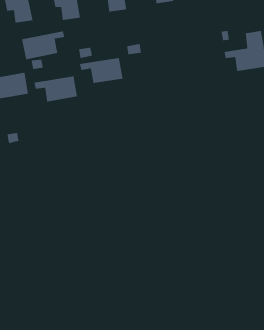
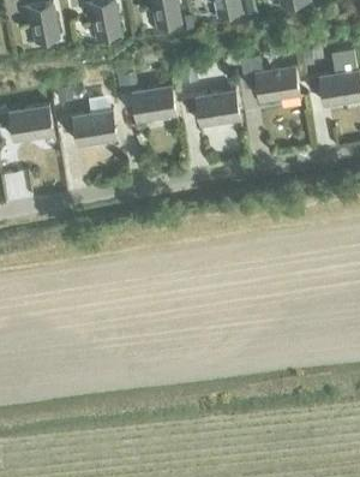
building: [21,31,65,60] -> none
building: none -> [241,65,299,100]
building: none -> [182,89,239,124]

